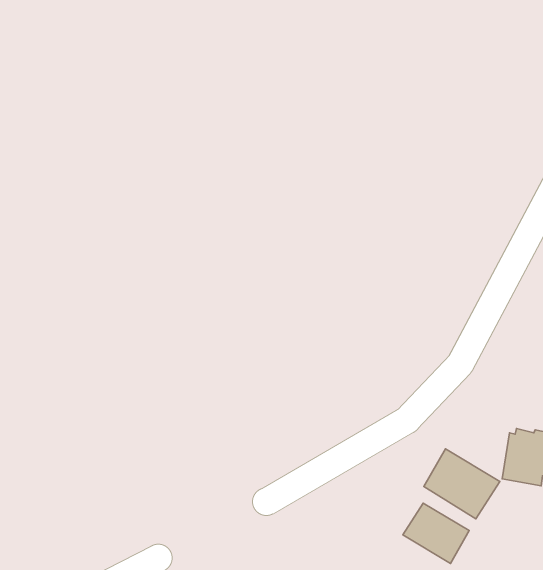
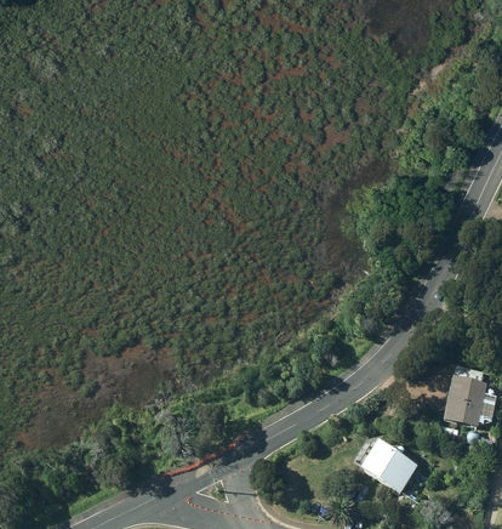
building: [424,449,500,519] -> none

